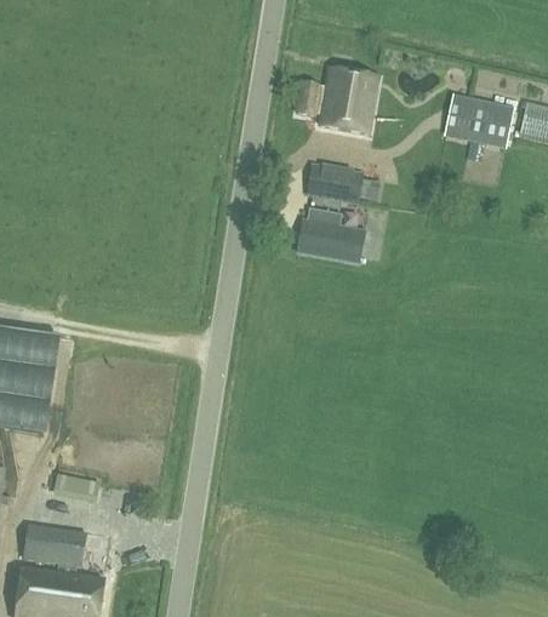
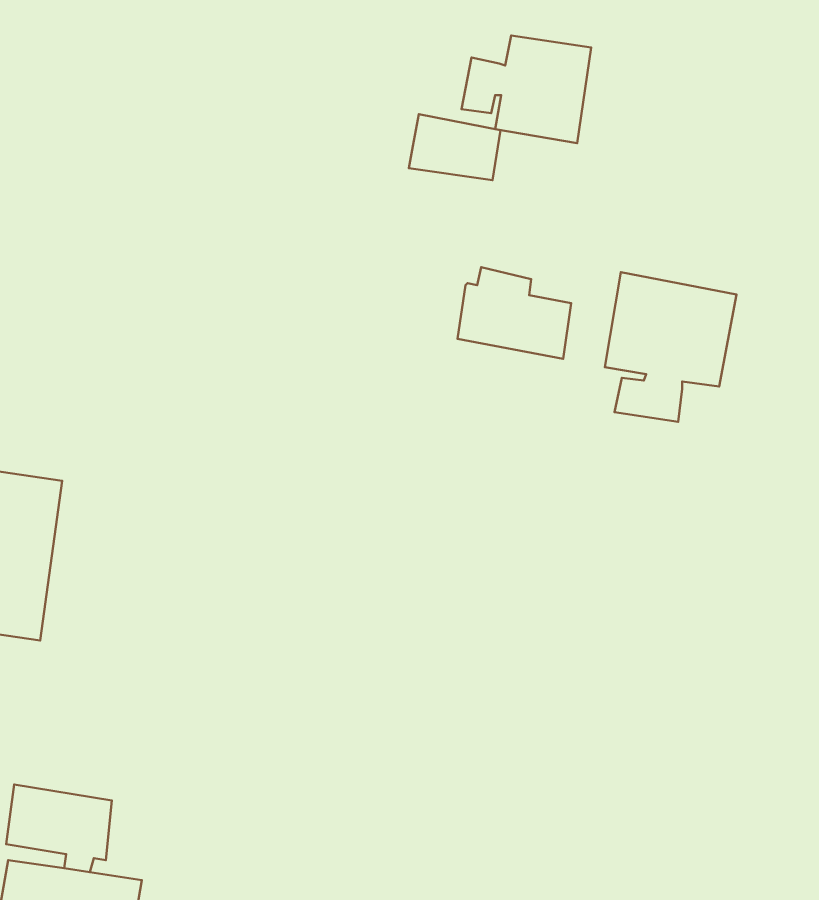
building: [445,95,510,144] -> none
building: [307,162,363,202] -> [409,114,501,180]
building: none -> [605,272,736,422]

